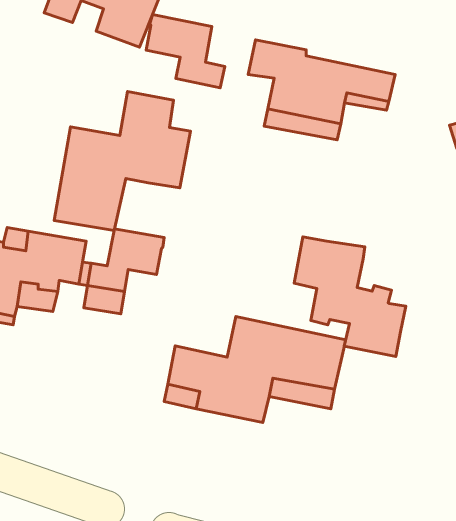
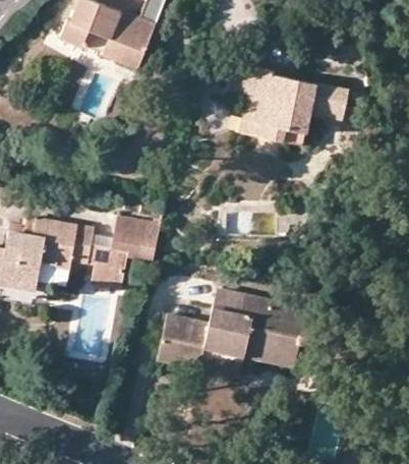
building: [146,14,225,88] -> none
building: [54,91,190,230] -> none
building: [294,237,406,357] -> none

